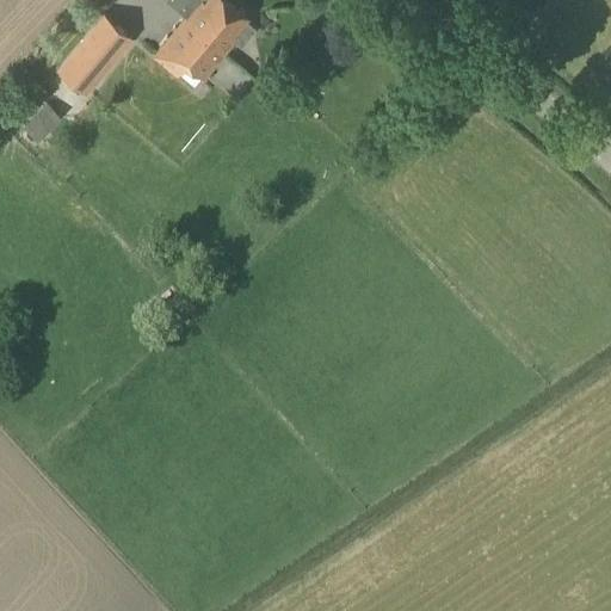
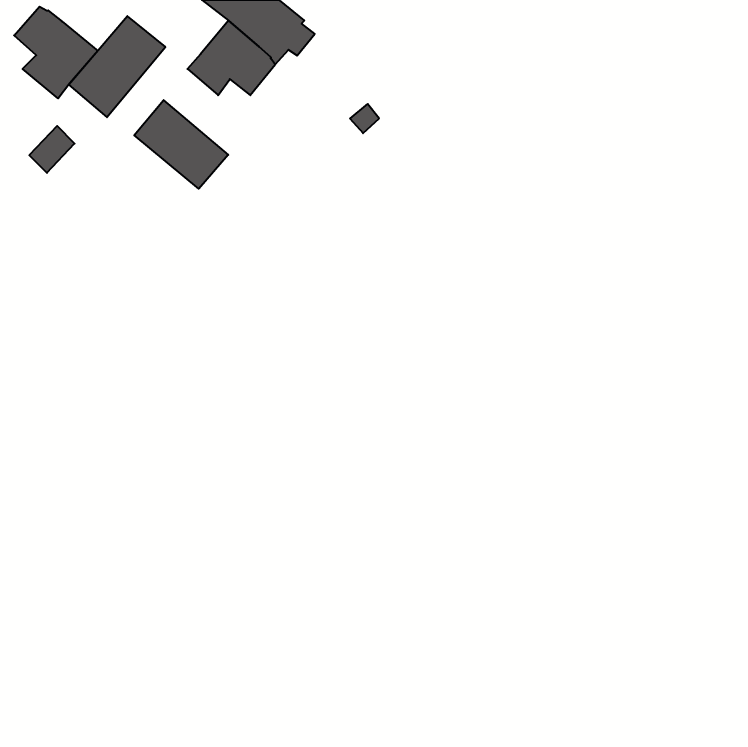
building: none -> [14,7,98,98]
building: none -> [134,100,228,189]

